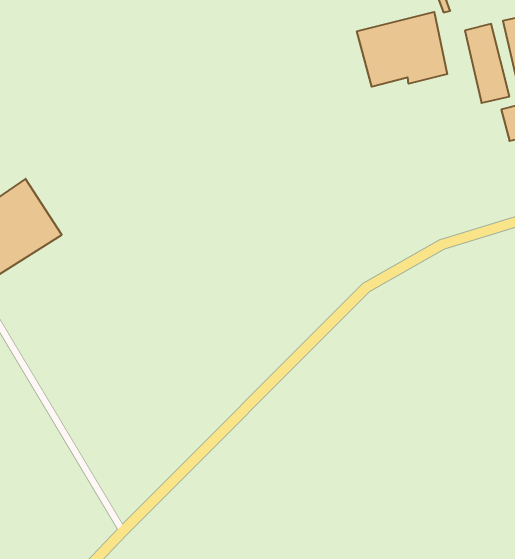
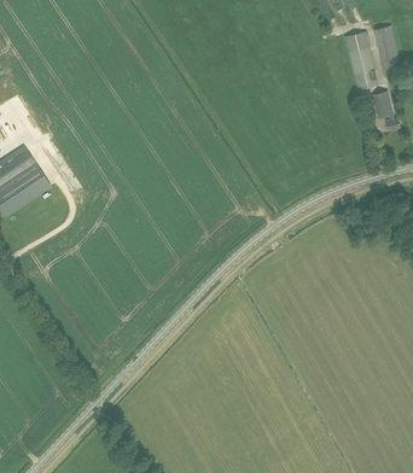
building: [357,12,447,87] -> none

